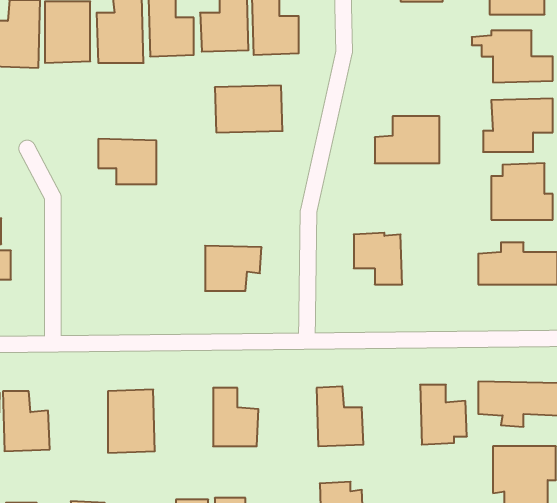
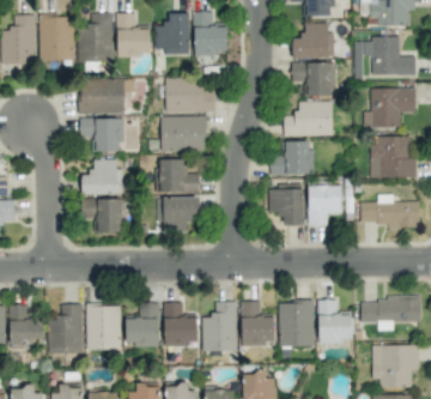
building: none -> [292,23,334,58]
building: none -> [291,62,334,96]
building: none -> [78,79,125,114]
building: none -> [160,116,206,151]
building: none -> [269,141,312,175]
building: none -> [80,159,123,194]
building: none -> [156,159,200,193]
building: none -> [308,185,341,225]
building: none -> [83,199,125,231]
building: none -> [202,301,237,350]
building: none -> [279,301,314,346]
building: none -> [47,303,83,353]
building: none -> [126,303,159,345]

